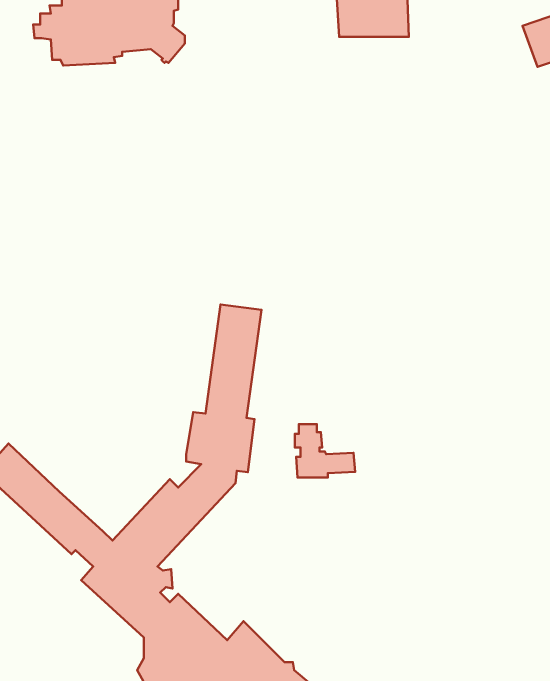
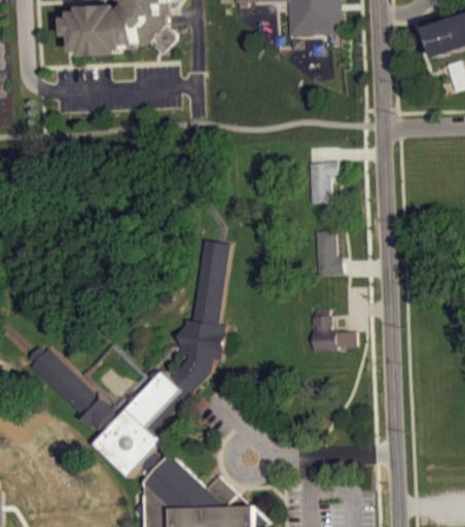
building: none -> [309,161,338,204]
building: none -> [314,231,342,275]
building: [295,424,355,477] -> [311,309,356,349]

